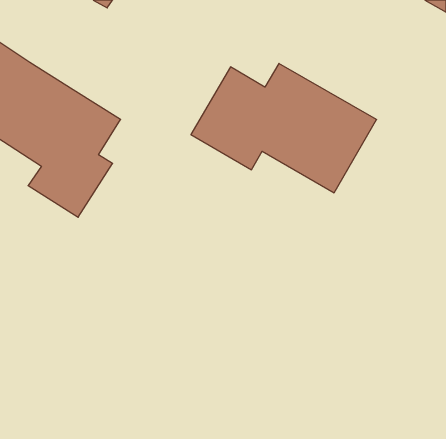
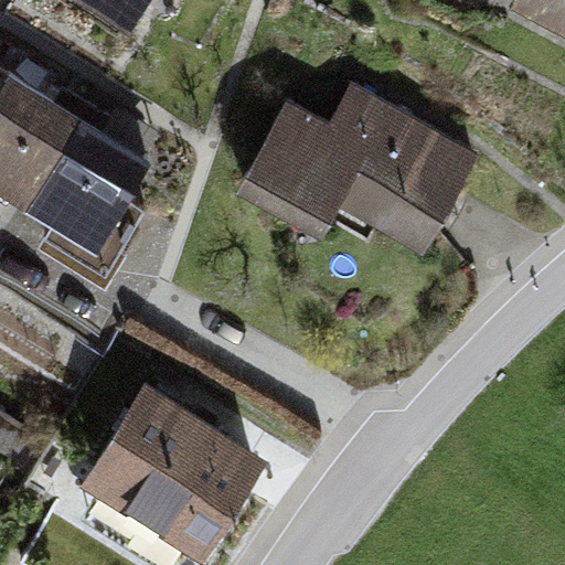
building: none -> [83,391,256,556]

